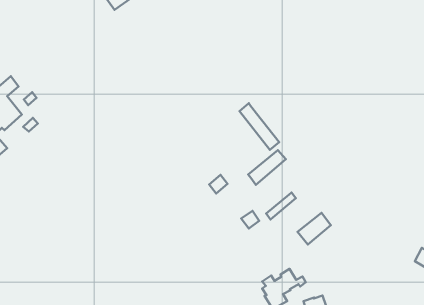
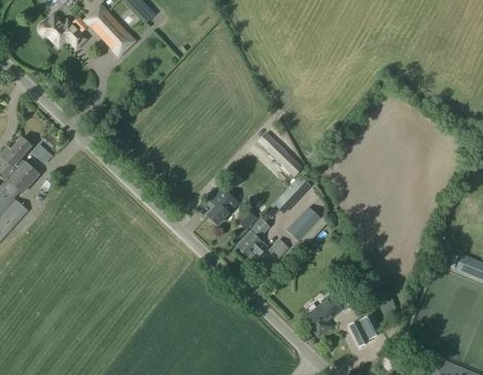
building: none -> [208,190,237,225]
building: none -> [237,219,269,257]
building: [297,213,331,245] -> [286,207,319,241]

